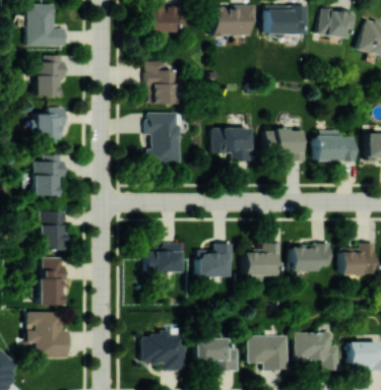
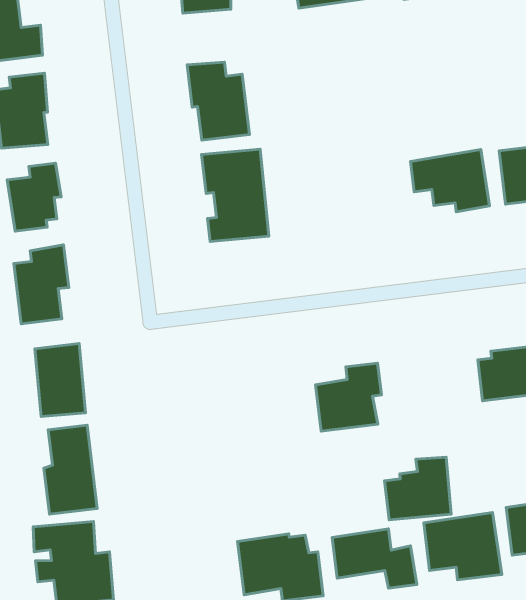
building: [211,128,255,160] -> none
building: [145,243,182,272] -> none
building: [244,243,280,276] -> [384,457,451,520]

